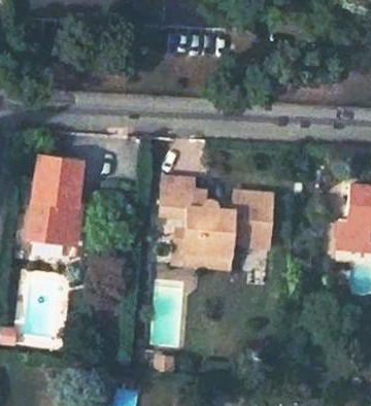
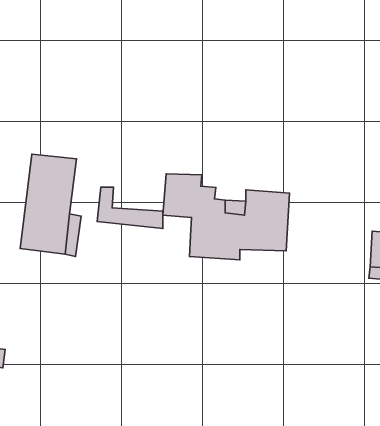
building: [168,230,227,267] -> [97,187,163,228]

